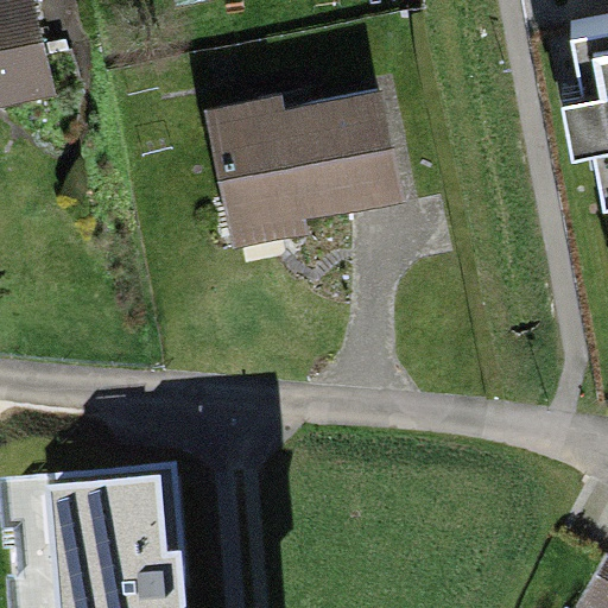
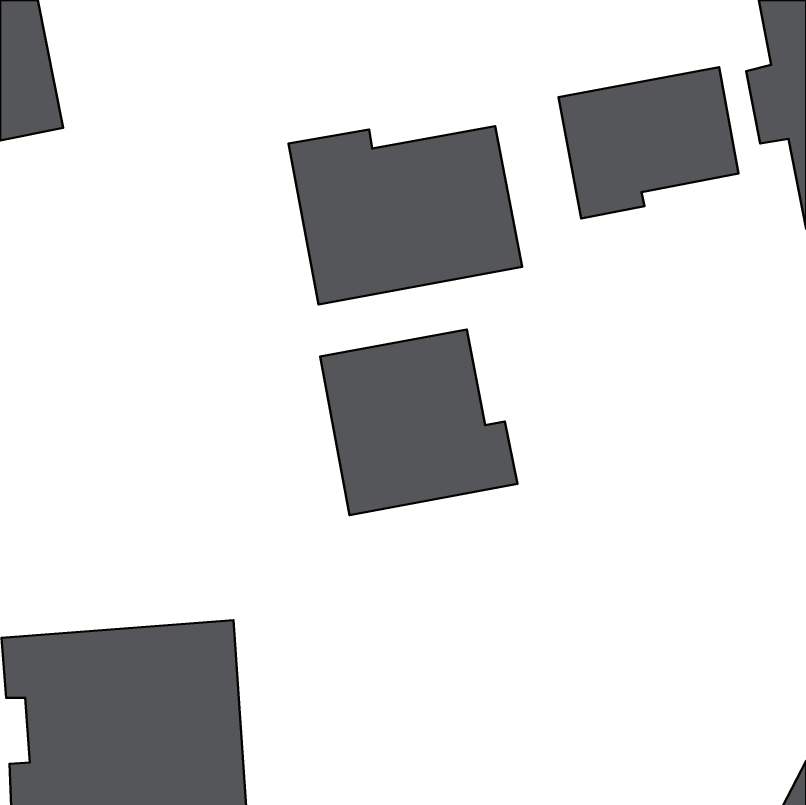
building: none -> [558,67,738,219]
building: none -> [320,330,517,515]

